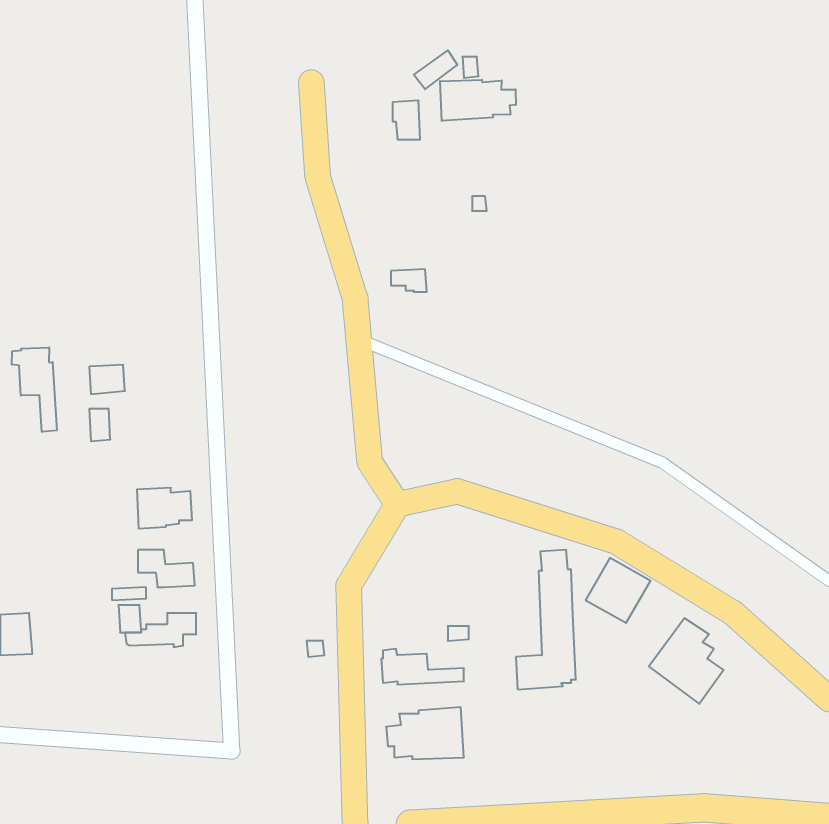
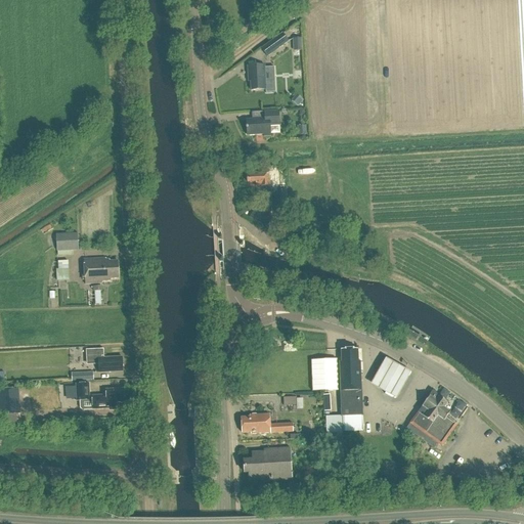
building: [440,80,516,121] -> none
building: none -> [246,108,279,134]
building: [12,347,57,432] -> none
building: [137,488,192,528] -> [84,256,119,281]
building: none -> [311,356,338,388]

